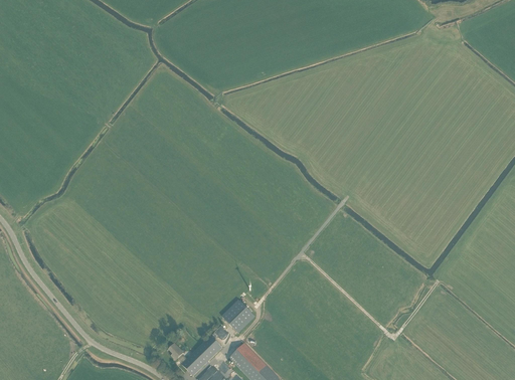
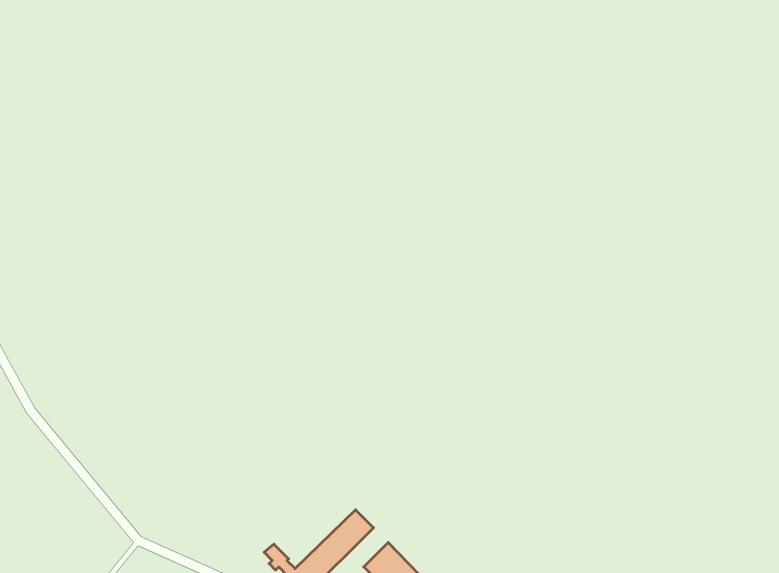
building: [223,301,255,333] -> none

